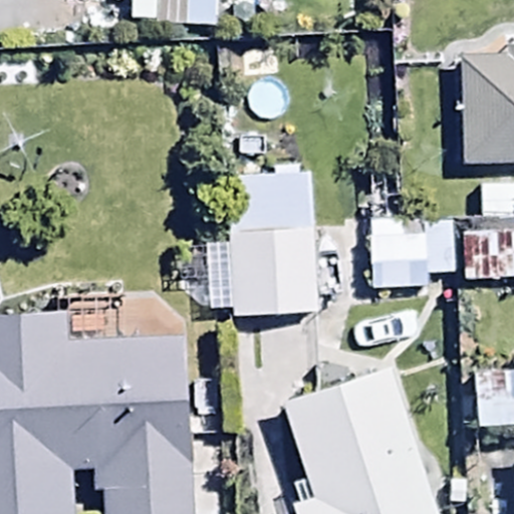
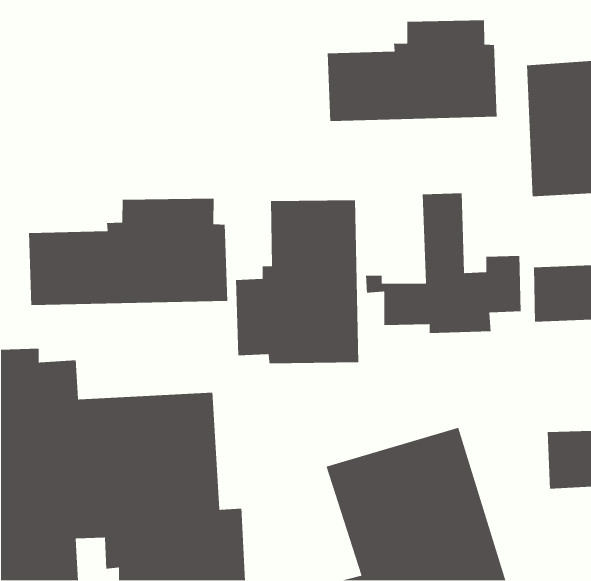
building: none -> [327,20,498,122]
building: none -> [28,198,228,306]

